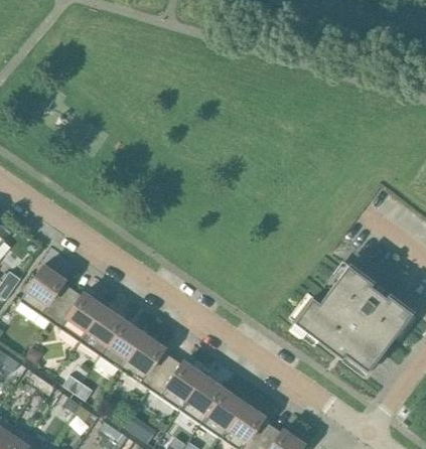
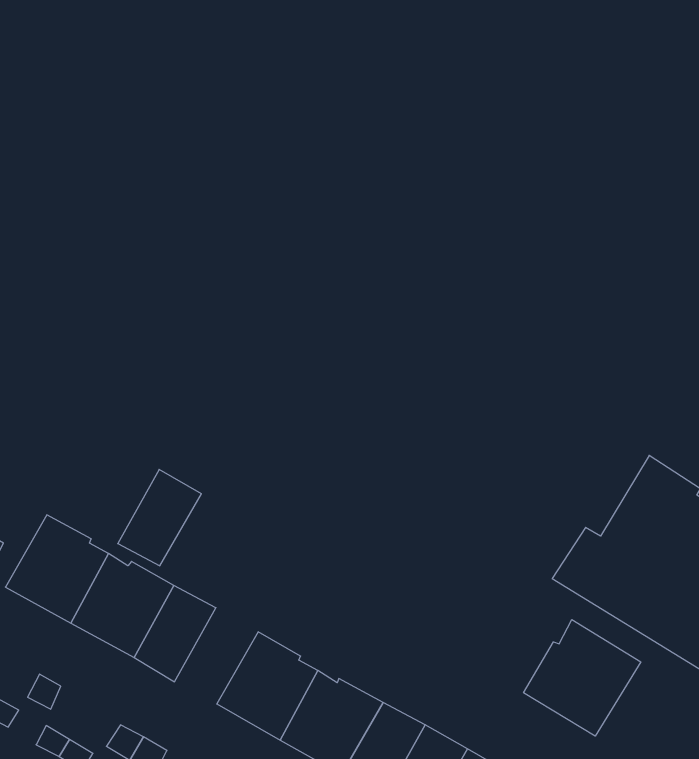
building: [101,320,145,368] -> [118,469,201,566]
building: none -> [524,620,641,736]

